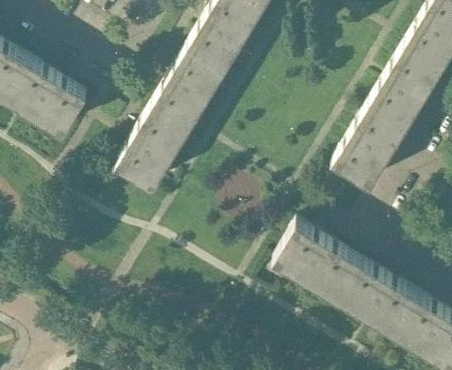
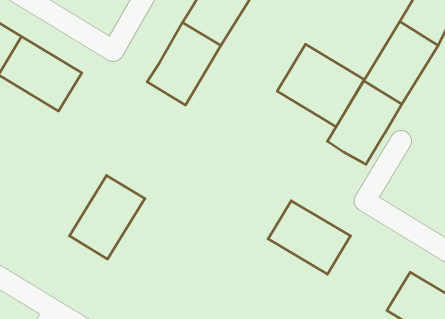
building: none -> [277,44,364,127]
building: [117,103,192,187] -> [69,175,145,259]
building: [333,257,416,331] -> none

